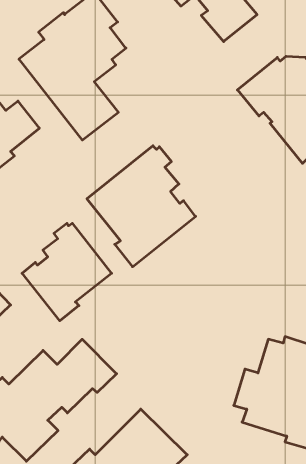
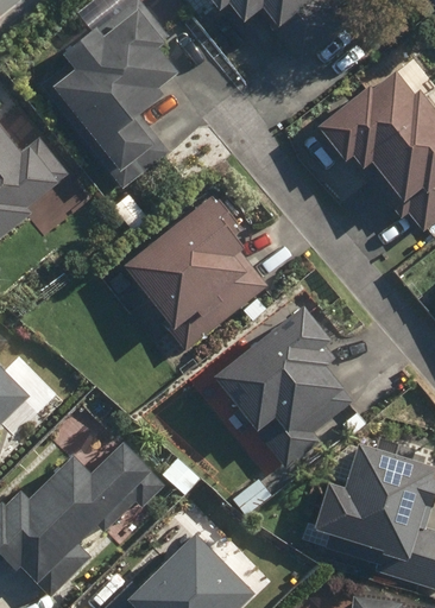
building: [22,223,112,321] -> none
building: none -> [215,305,345,468]

